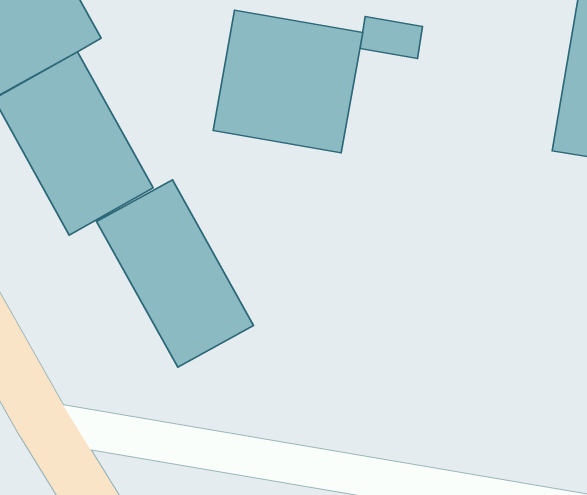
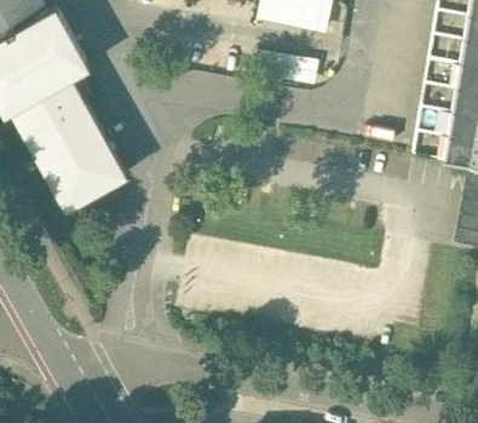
building: [213,10,363,153] -> none
building: [97,180,254,367] -> none

